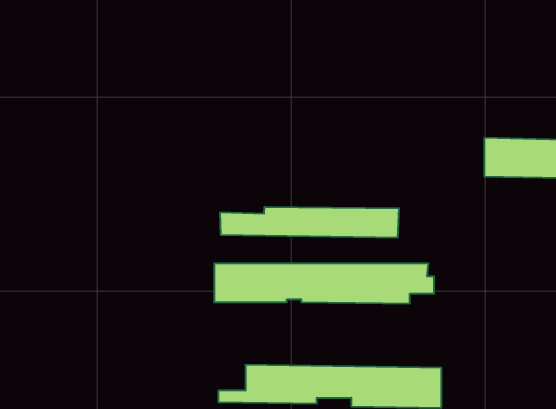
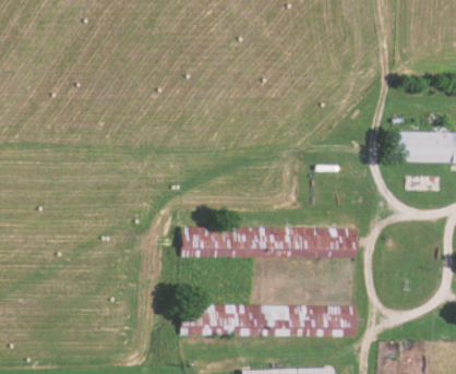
building: [220,207,399,238] -> none

